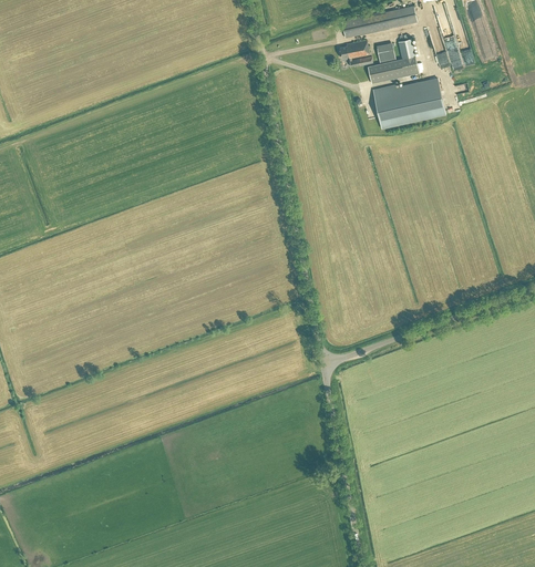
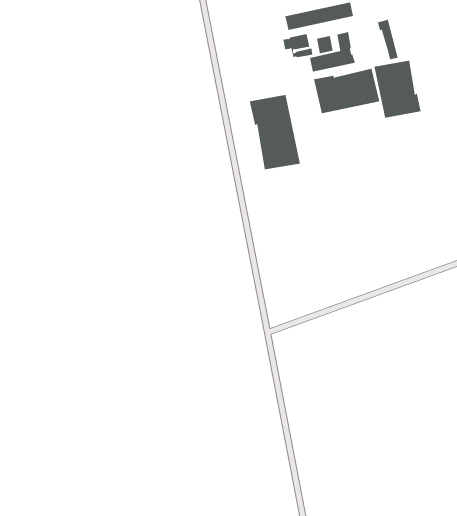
building: none -> [374,60,421,119]
building: none -> [249,94,300,170]

